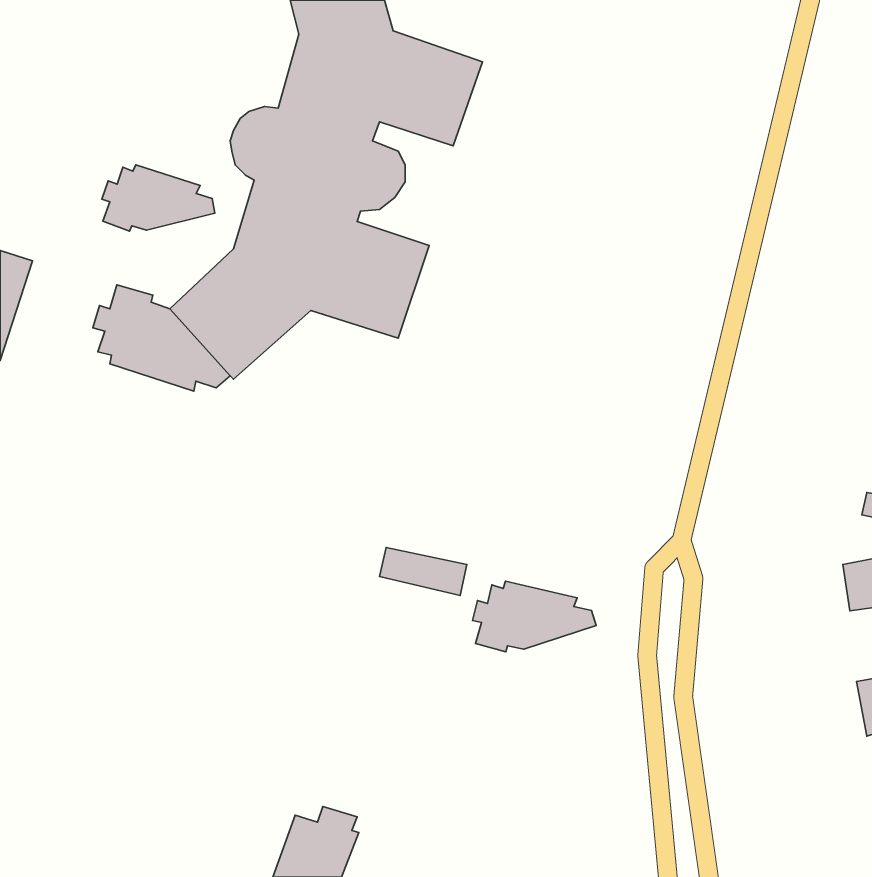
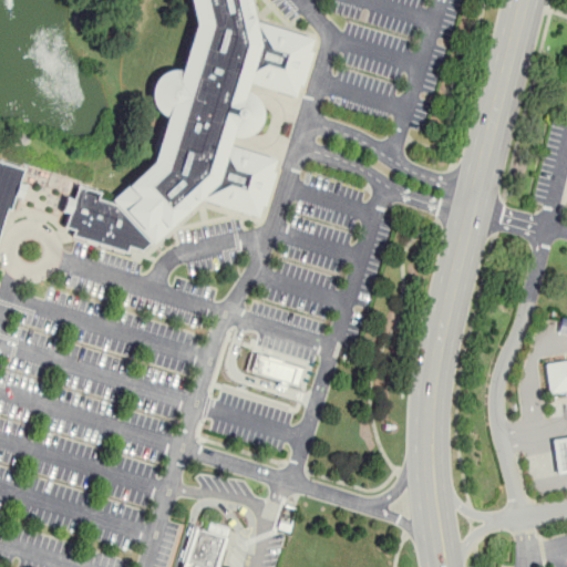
building: [102,165,215,231] -> none
building: [473,581,596,652] -> none

